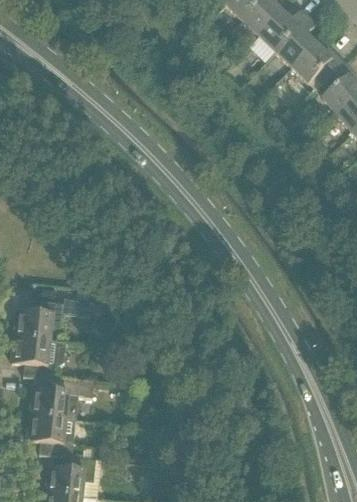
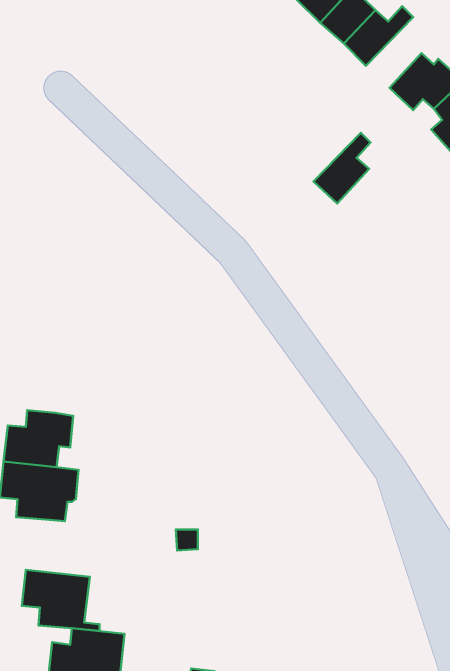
building: [275,15,316,66] -> [314,133,370,204]
building: [30,377,109,418] -> none

